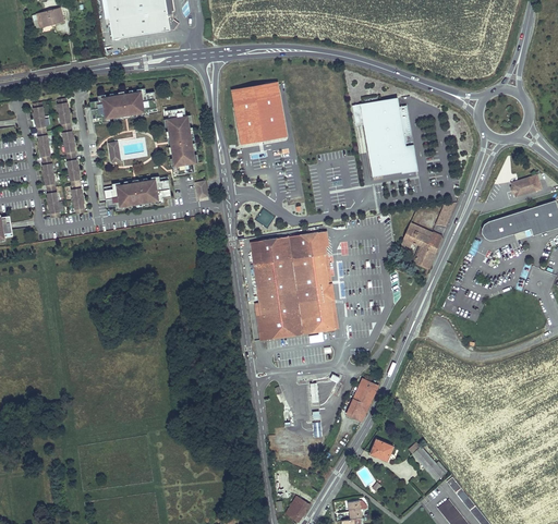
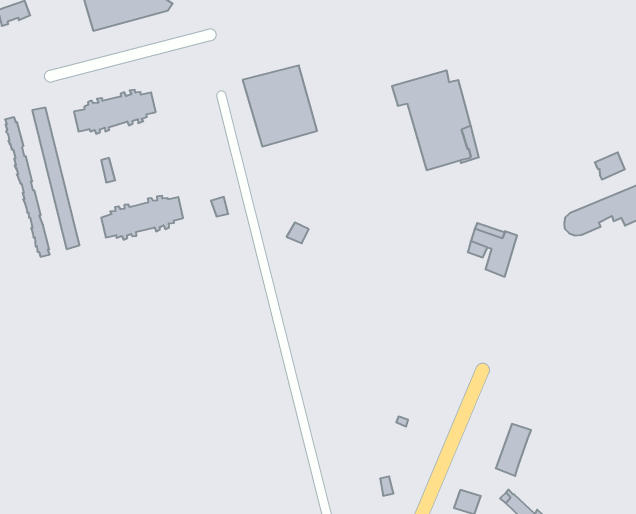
building: [166,108,198,174] -> none
building: [253,231,335,341] -> none
building: [345,379,377,422] -> [496,424,531,476]

